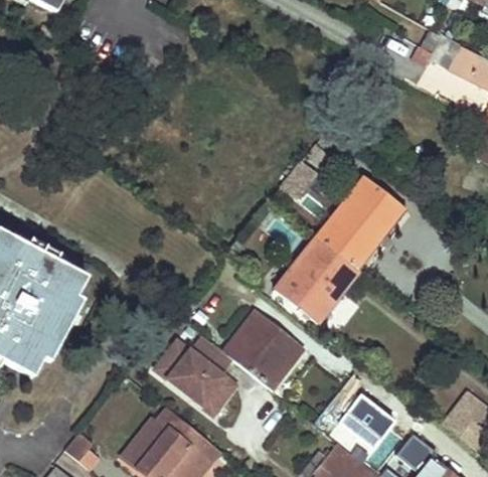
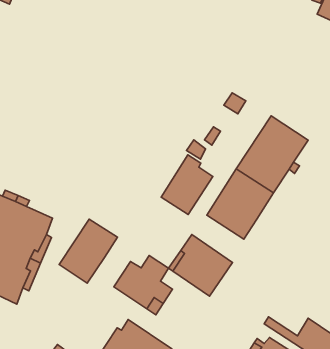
building: none -> [161,155,213,214]
building: none -> [59,219,117,283]
building: [340,401,388,446] -> none

